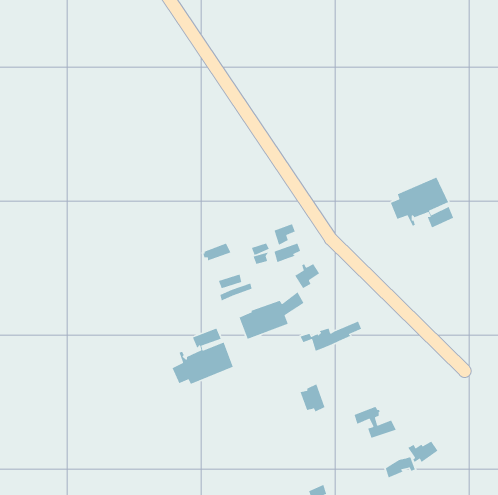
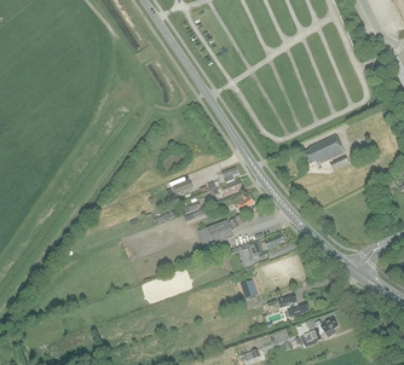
building: [172,328,234,385] -> none

